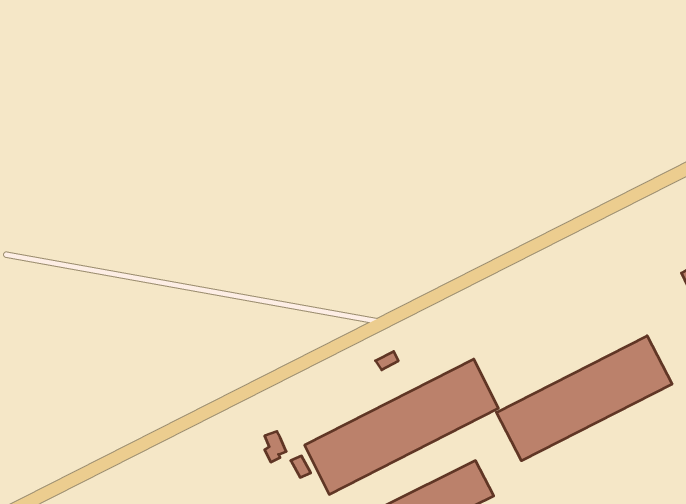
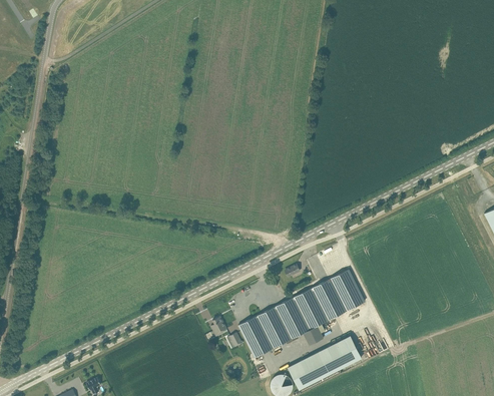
building: [496,336,672,461] -> none

